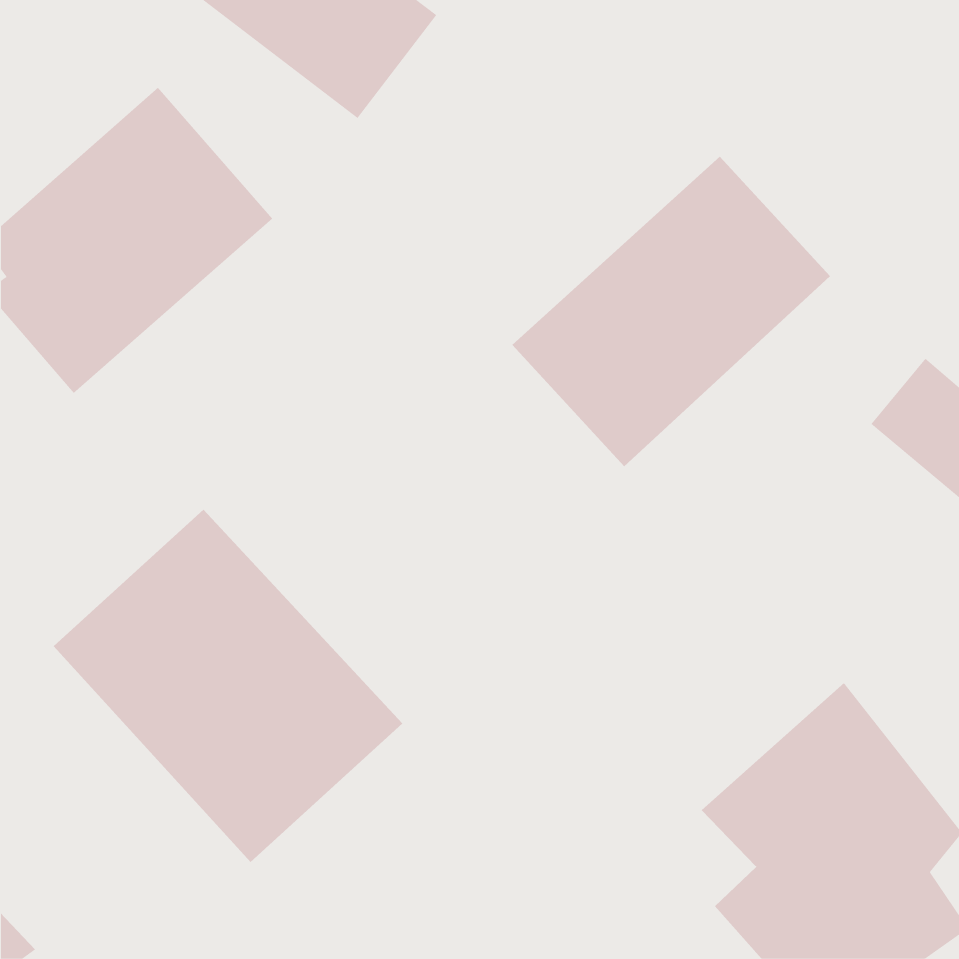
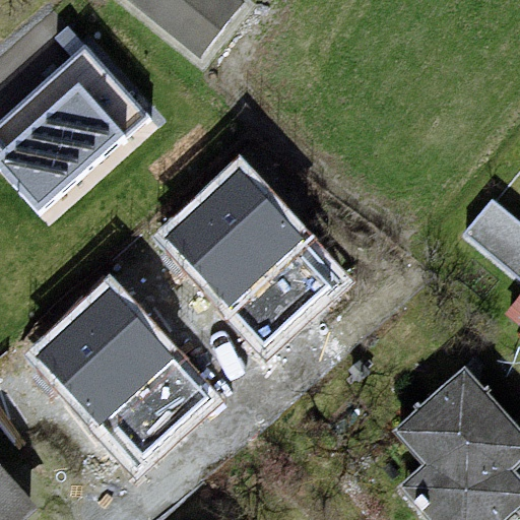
building: [511,156,831,467] -> none
building: none -> [157,157,346,348]

